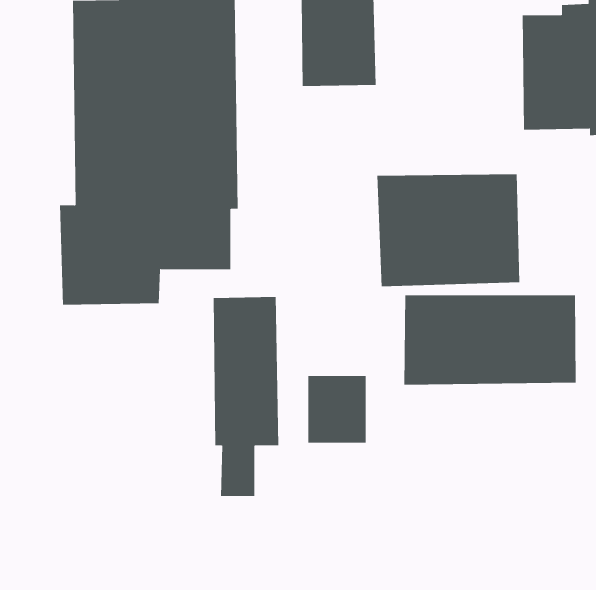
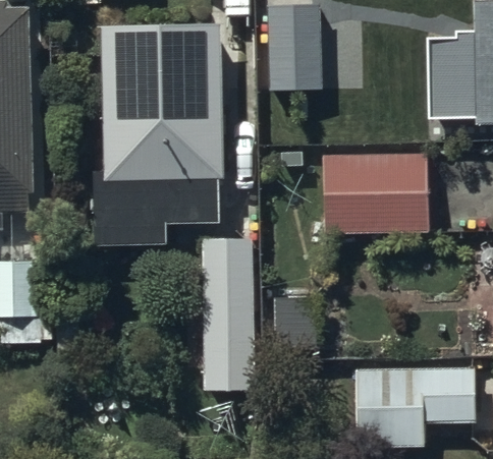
building: [404,294,576,385] -> none
building: none -> [364,370,475,444]

